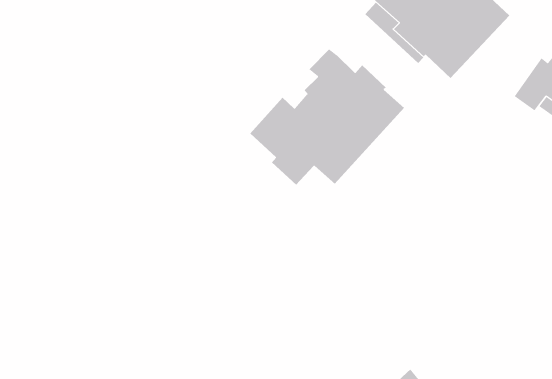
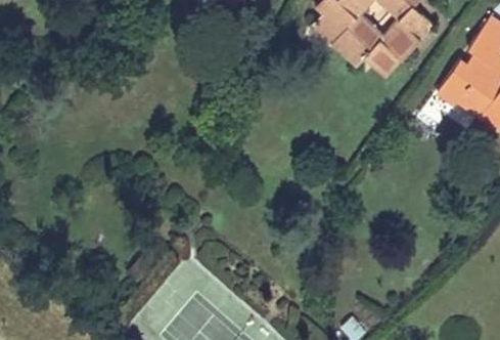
building: [249,48,405,186] -> none

